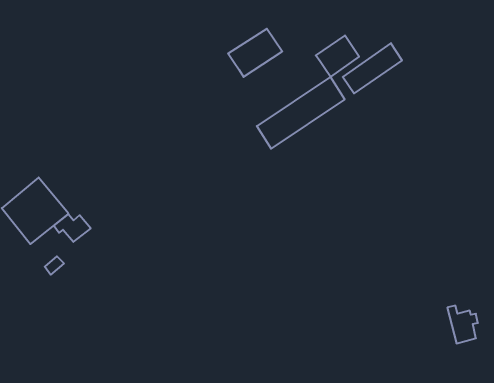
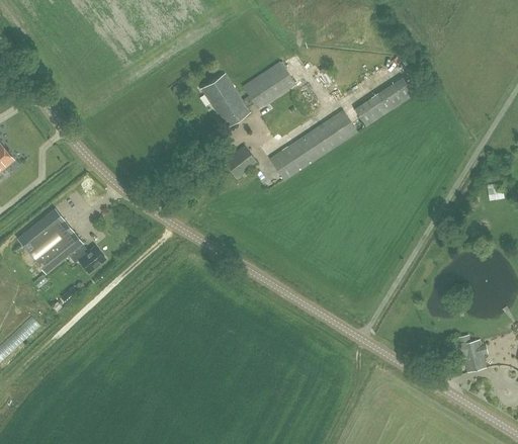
building: [316,35,359,77] -> none
building: none -> [201,73,253,127]
building: none -> [225,146,257,178]

